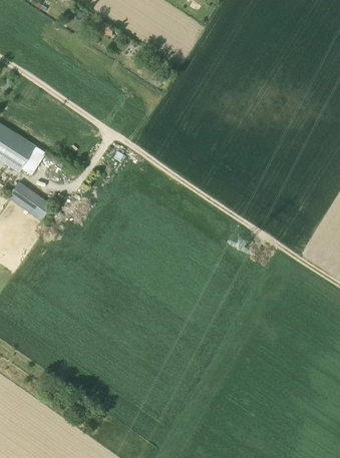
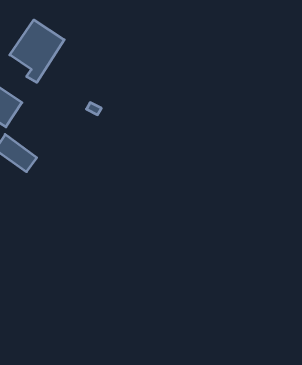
building: none -> [10,20,64,82]

